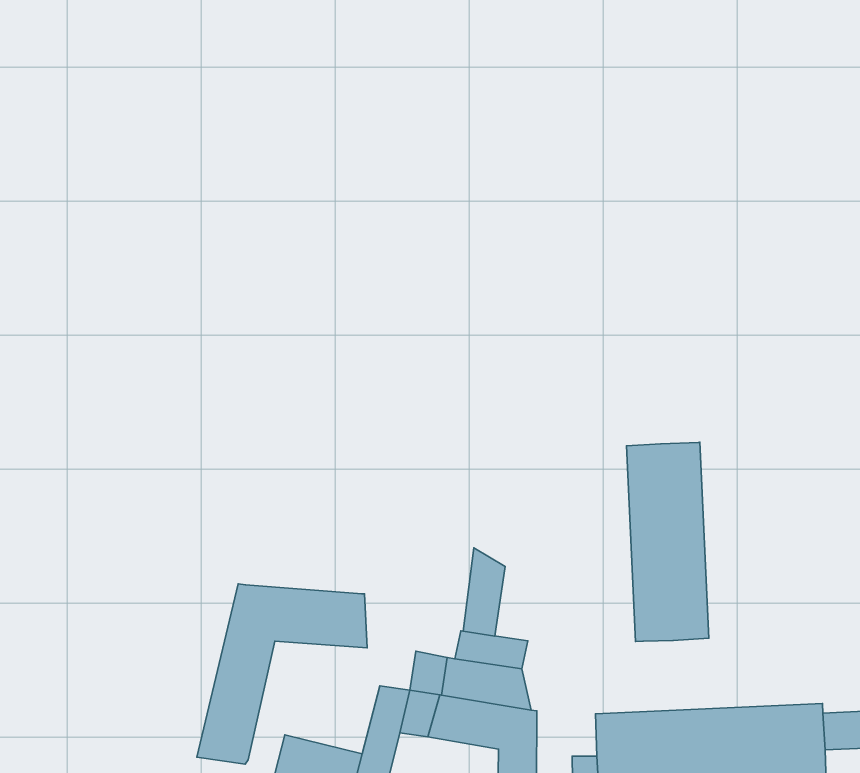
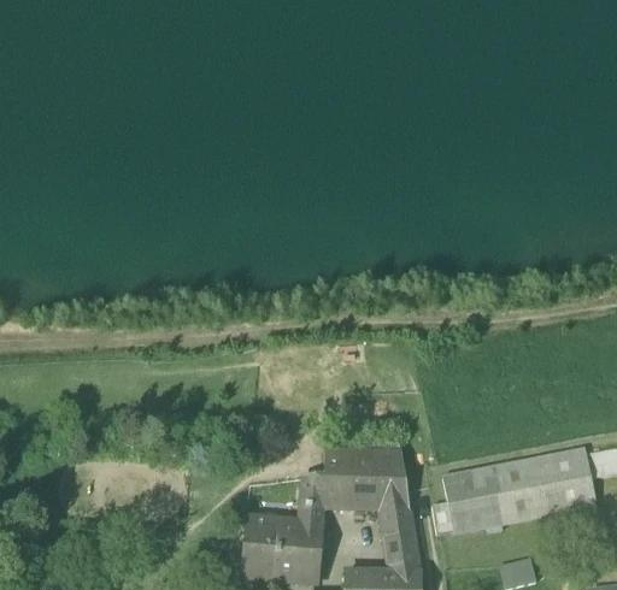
building: [627,442,709,642] -> none
building: [463,548,505,636] -> none
building: [197,584,367,764] -> none

